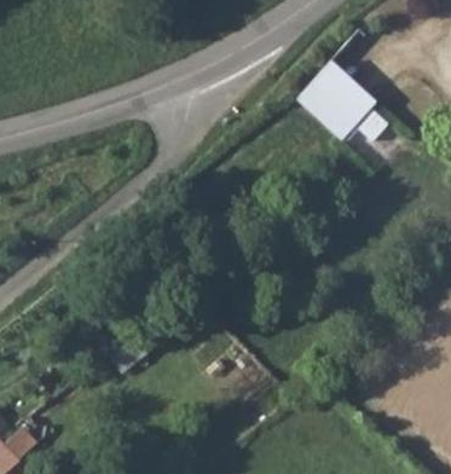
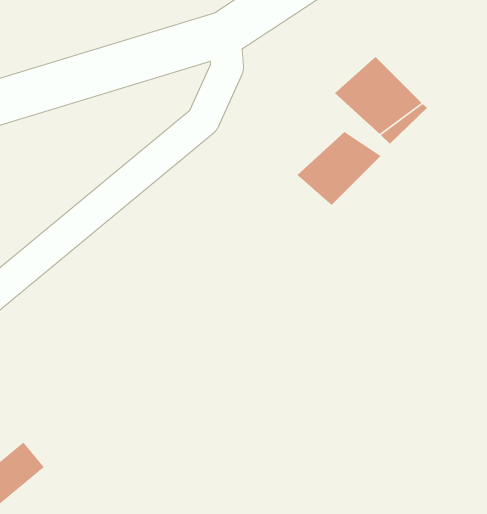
building: none -> [297,131,381,206]

